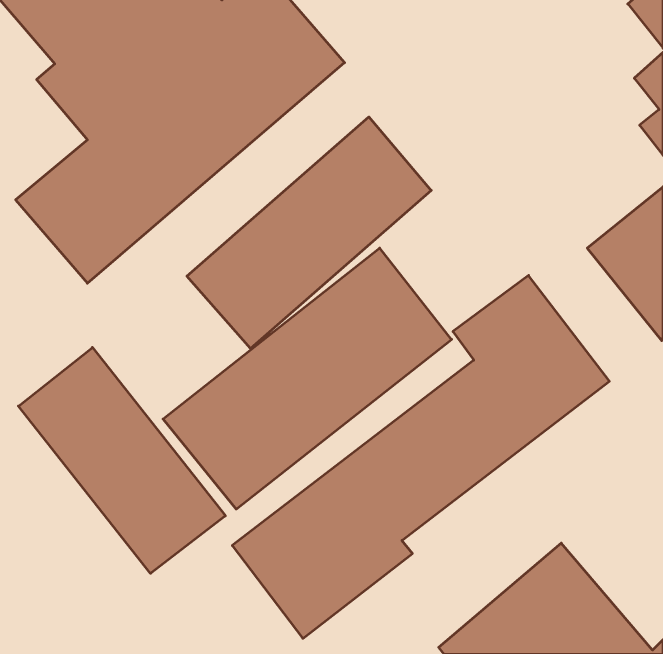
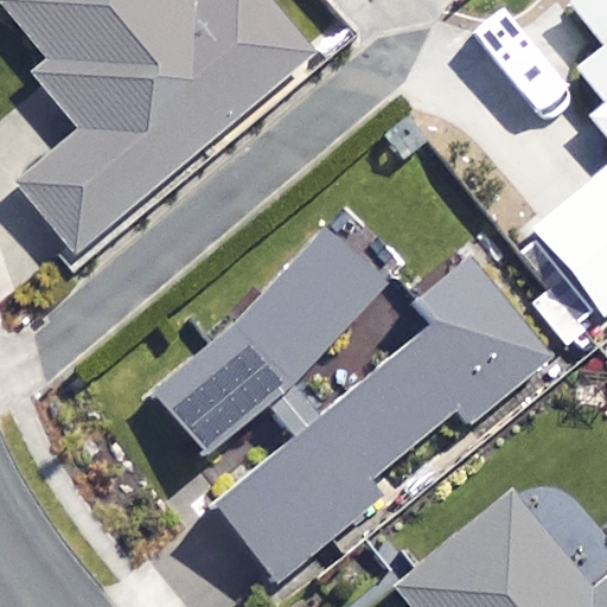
building: [187,117,431,349] -> none
building: [18,347,225,573] -> none

